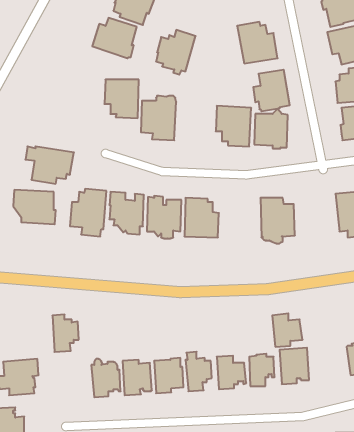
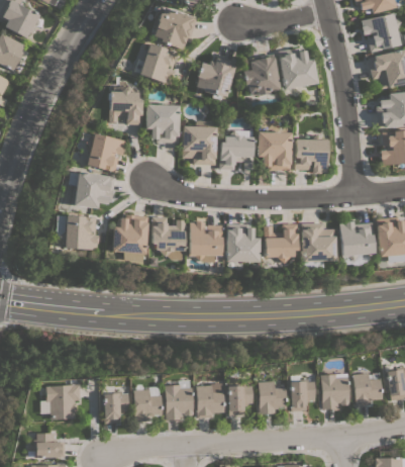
building: none -> [108,85,142,125]
building: [253,70,290,111] -> [243,55,280,96]
building: none -> [220,130,254,170]
building: none -> [85,133,125,173]
building: none -> [339,221,375,266]
building: none -> [264,224,298,265]
building: [272,313,303,347] -> [352,373,383,406]
building: [52,315,79,352] -> [102,386,128,424]

